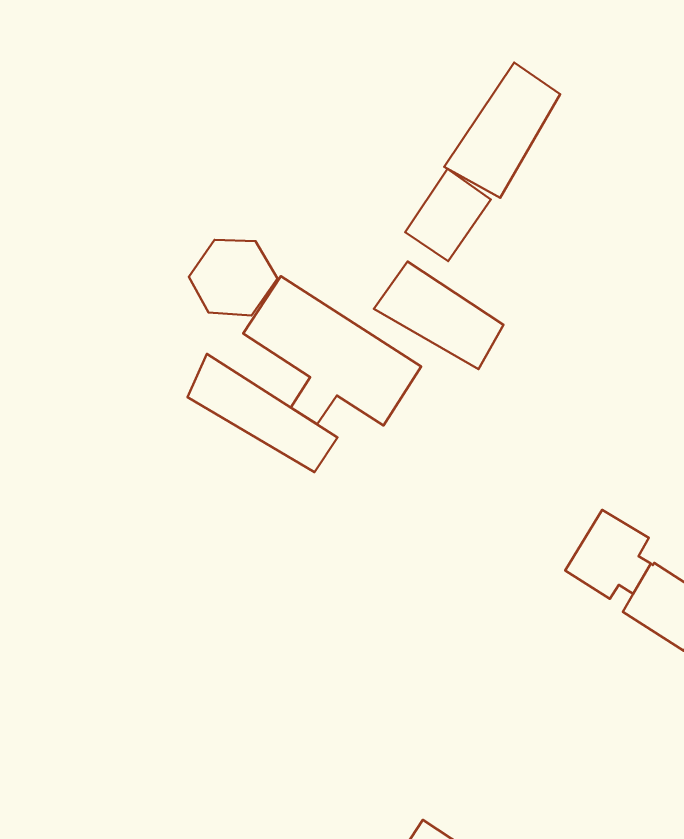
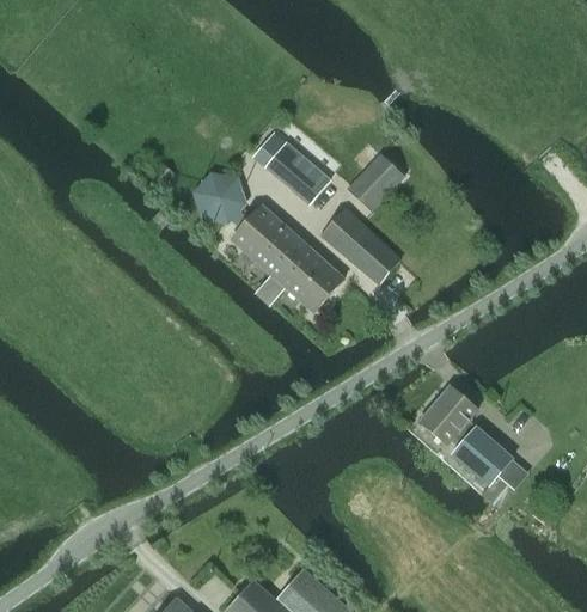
building: [444,62,560,198] -> none
building: none -> [263,141,330,206]
building: [187,354,337,472] -> none

